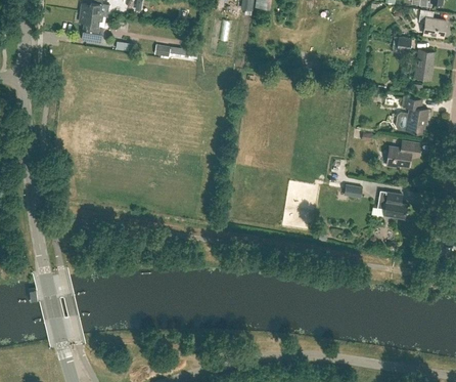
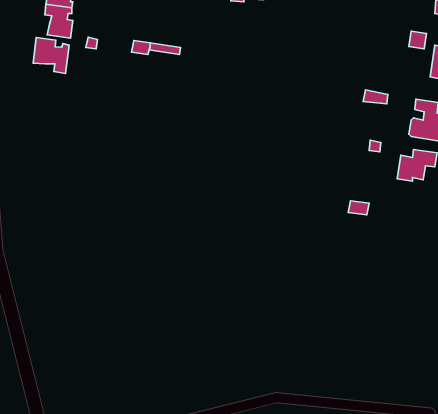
building: none -> [33,38,69,73]
building: [377,190,407,219] -> none

